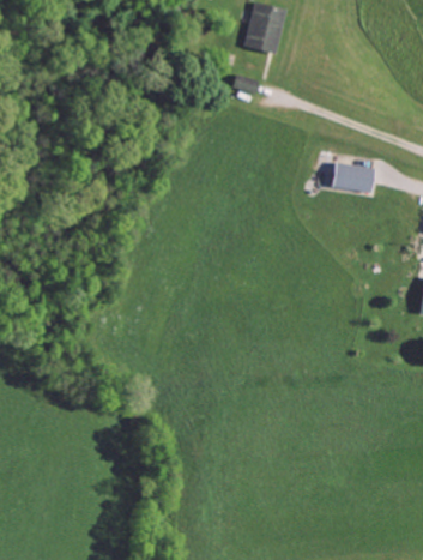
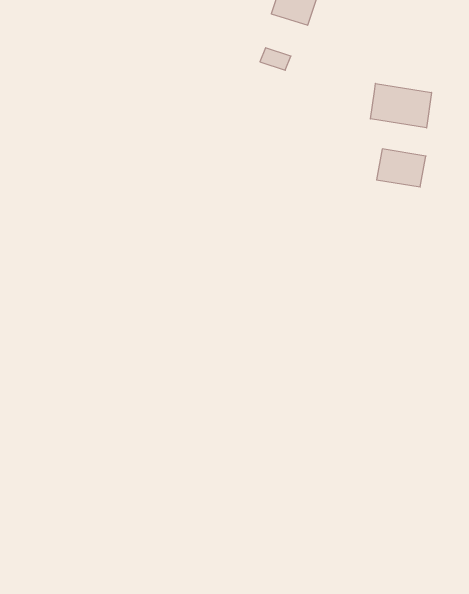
building: none -> [370,83,431,128]

